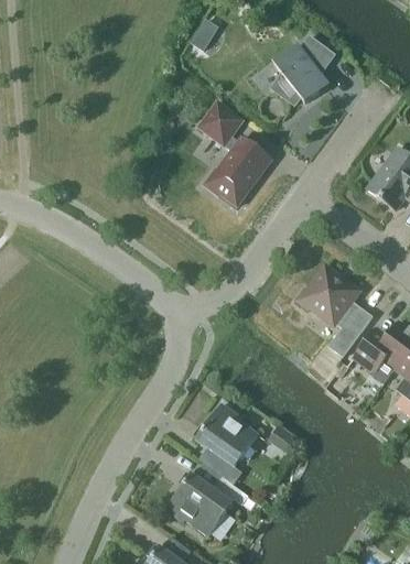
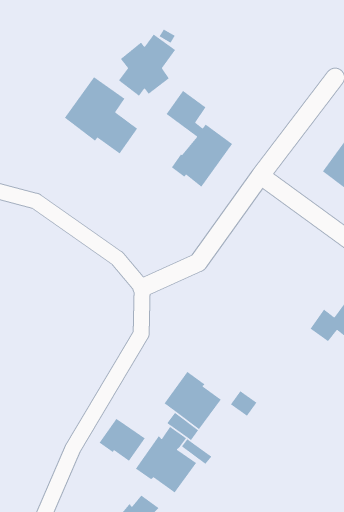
building: [271,36,334,105] -> [118,33,176,97]
building: none -> [64,76,138,155]
building: [296,267,373,357] -> none
building: none -> [98,418,146,462]

